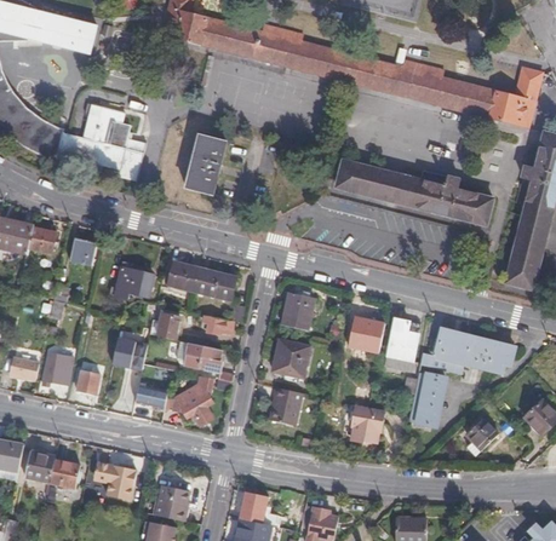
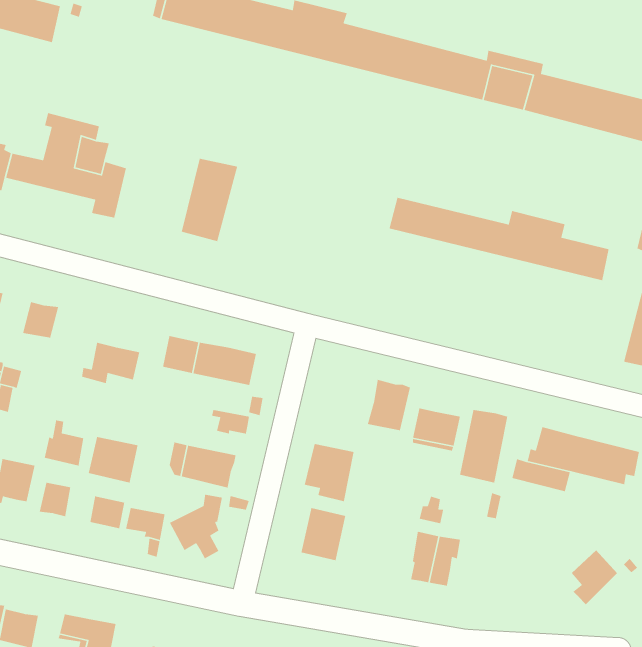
building: [281,292,313,329] -> [367,379,411,431]
building: [151,305,180,339] -> [44,419,84,467]
building: [408,374,445,426] -> none

